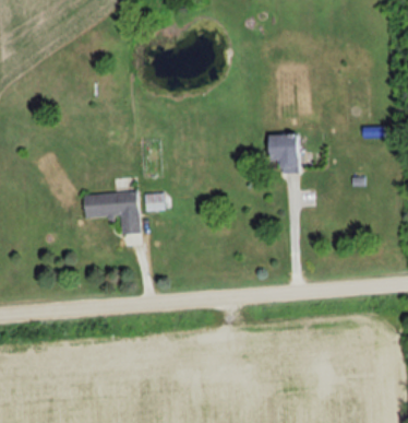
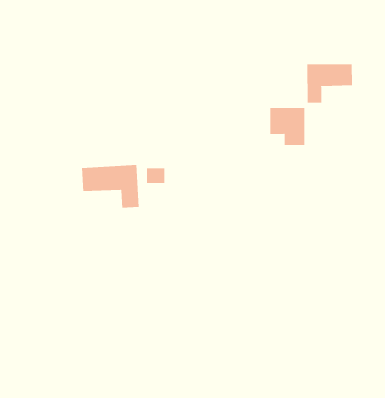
building: none -> [307,64,353,104]

